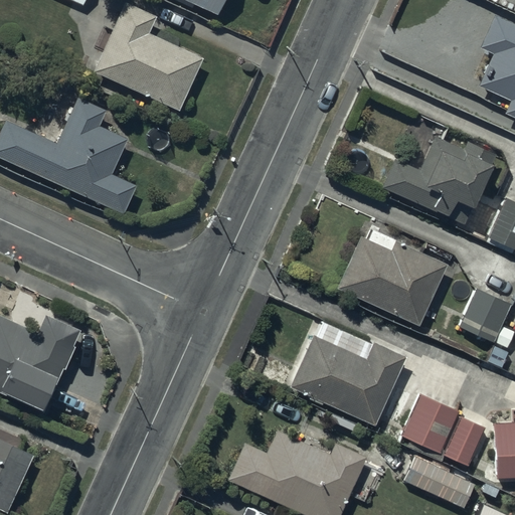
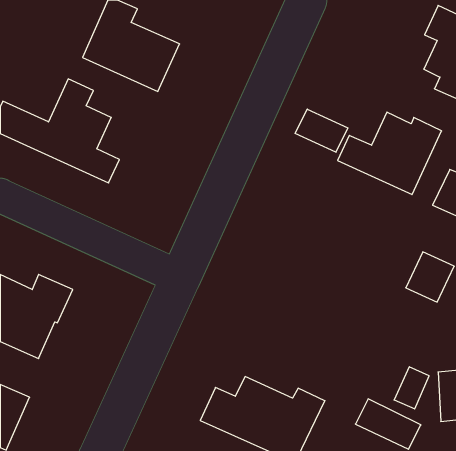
building: none -> [295,109,348,152]
building: [337,230,447,326] -> none
building: [290,336,404,425] -> none
building: [401,394,459,454] -> none

